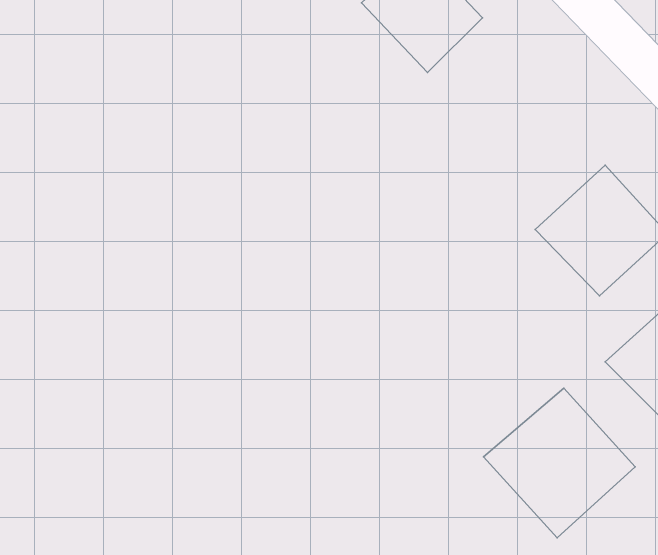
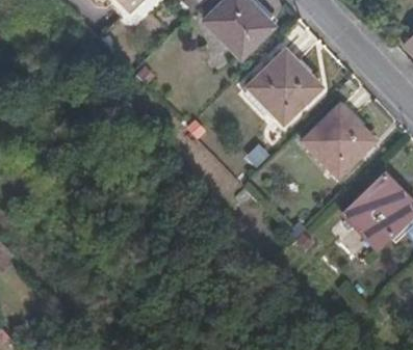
building: none -> [251,54,320,122]
building: [484,388,635,538] -> none

